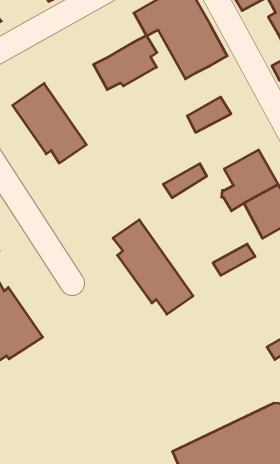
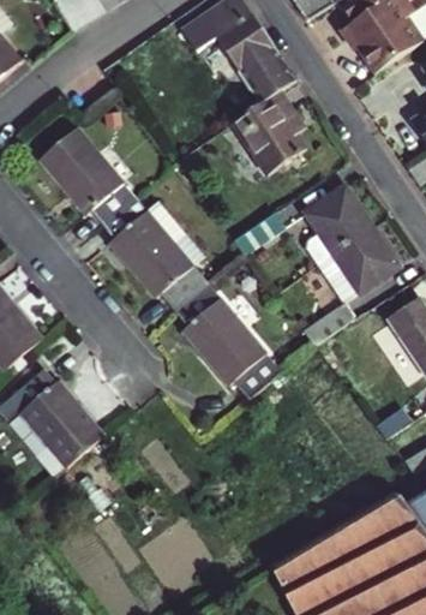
building: [93,36,157,90] -> [217,92,294,162]
building: none -> [106,202,209,312]

